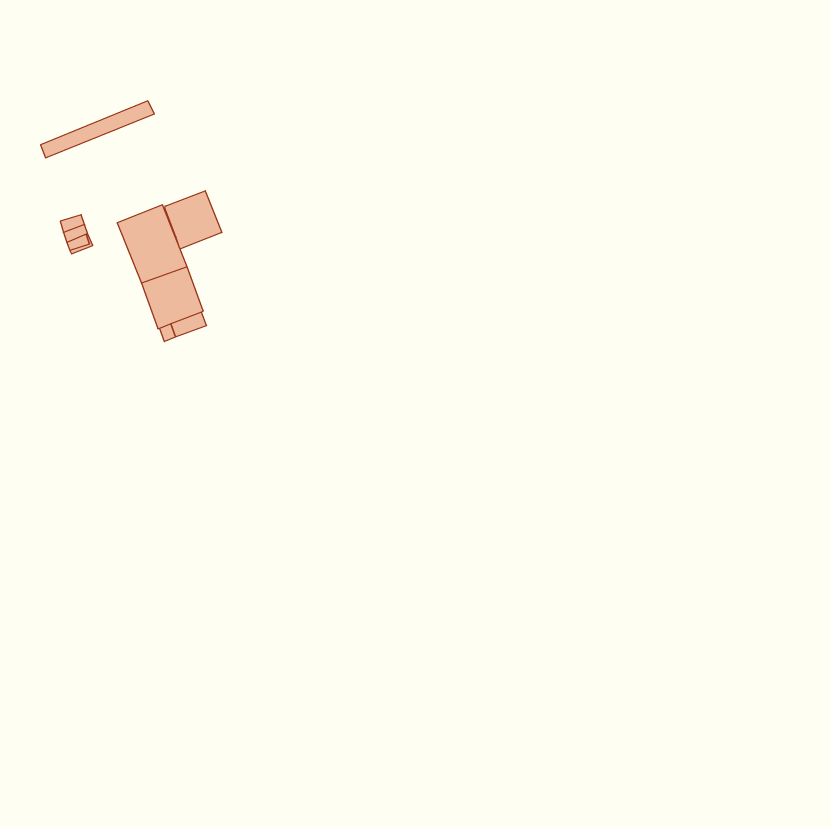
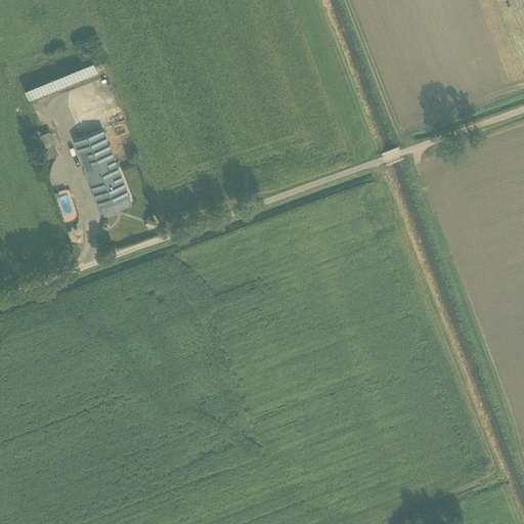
building: [165,191,222,249] -> none

